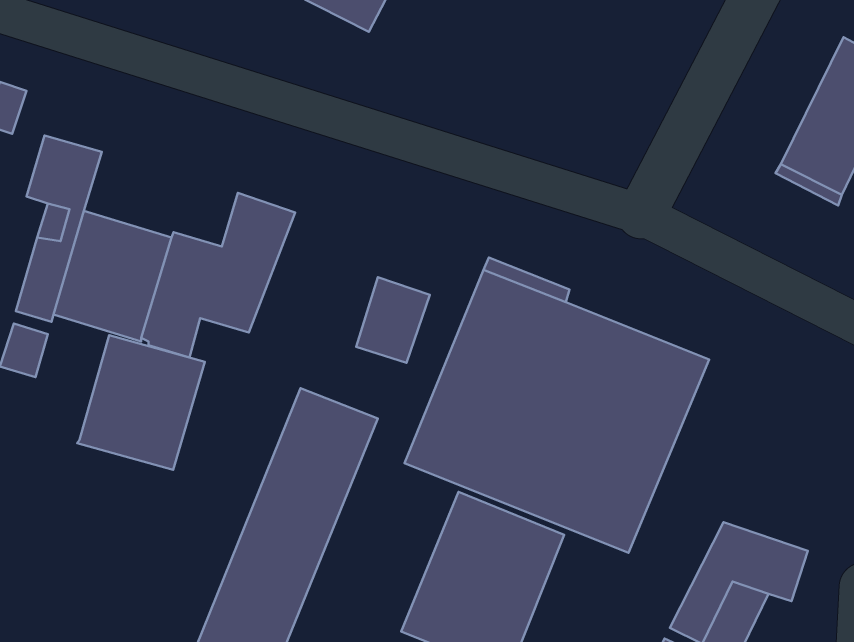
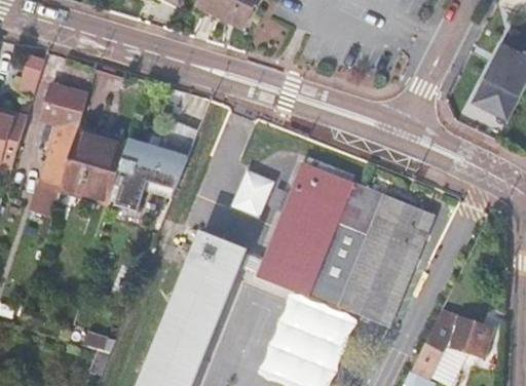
building: [77,335,205,470] -> none

